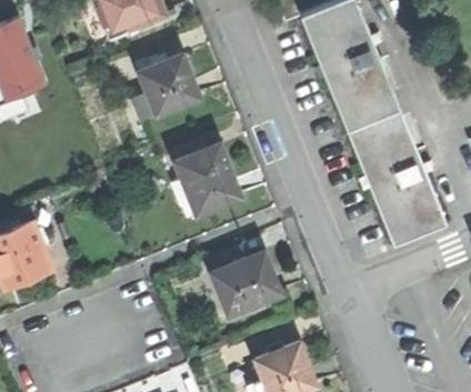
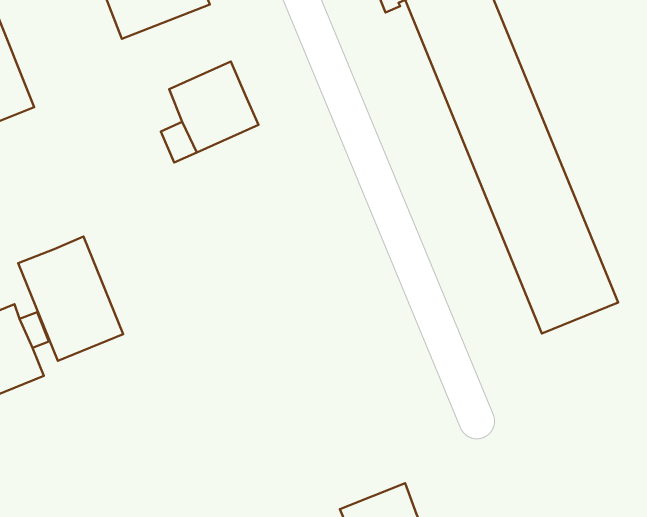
building: [169,143,240,219] -> none
building: none -> [18,236,123,361]
building: [211,252,280,314] -> none

